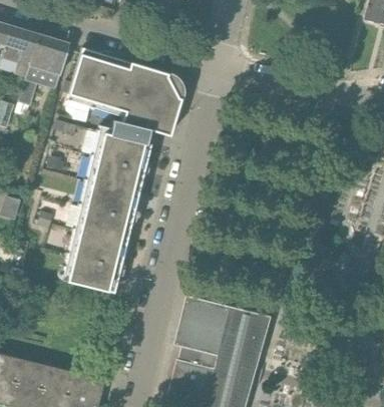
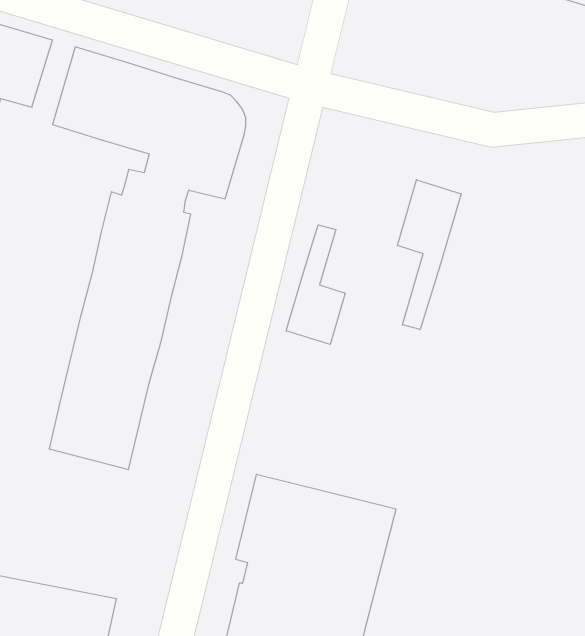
building: none -> [397,180,461,330]
building: none -> [286,225,345,344]

